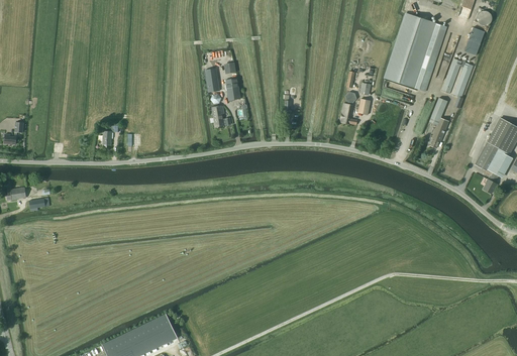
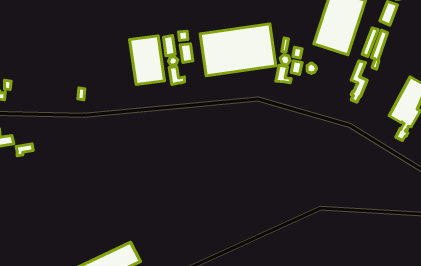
building: none -> [200,24,276,76]
building: none -> [130,36,164,85]

